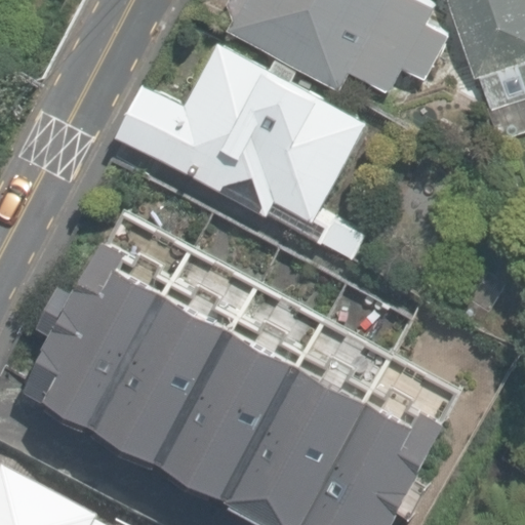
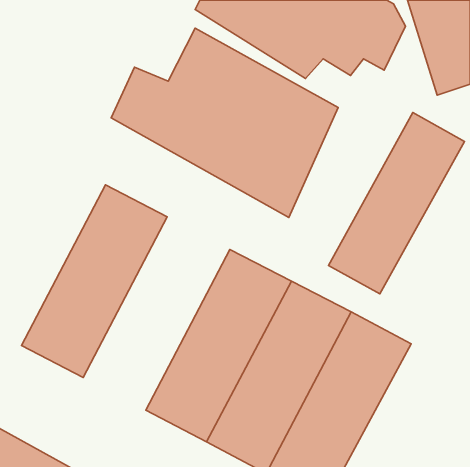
building: none -> [328,112,464,294]
building: [91,249,252,461] -> none

